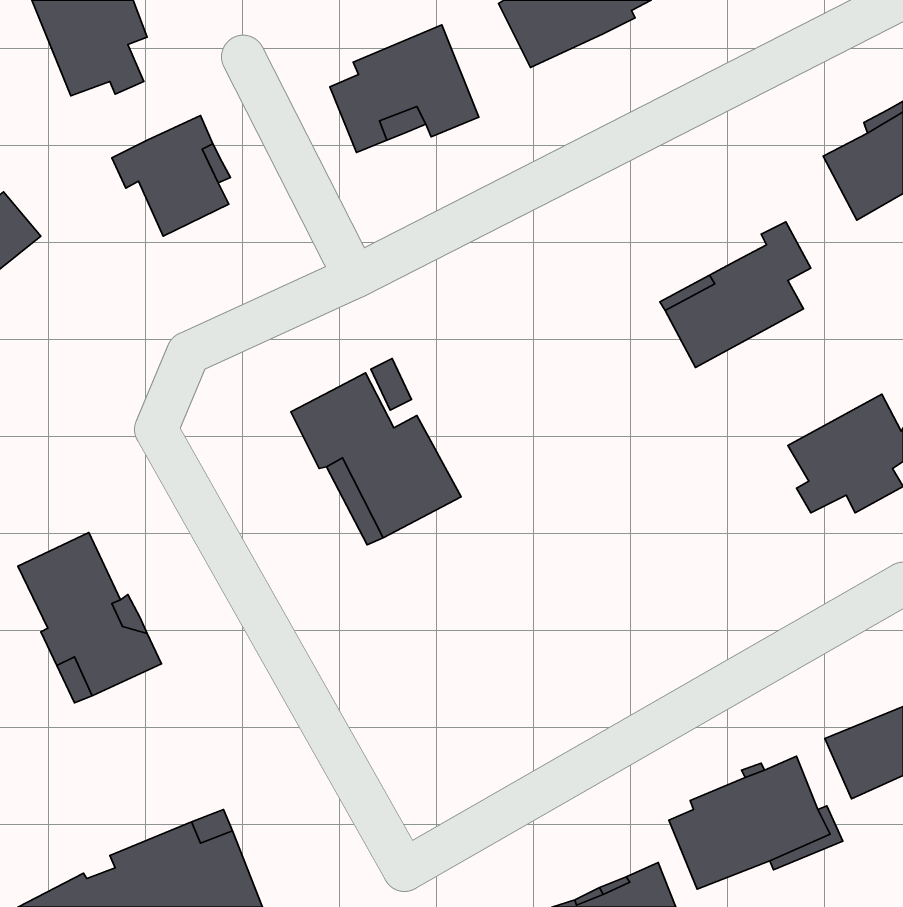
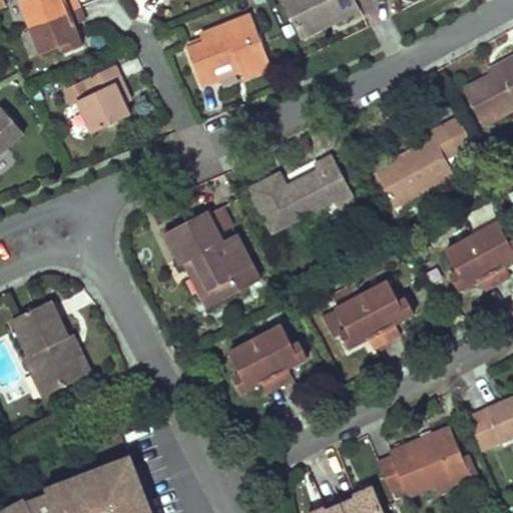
building: none -> [248,156,358,232]
building: none -> [335,282,414,348]
building: none -> [228,325,307,392]

